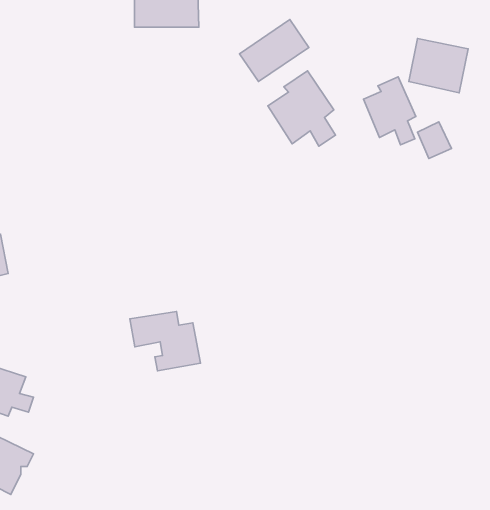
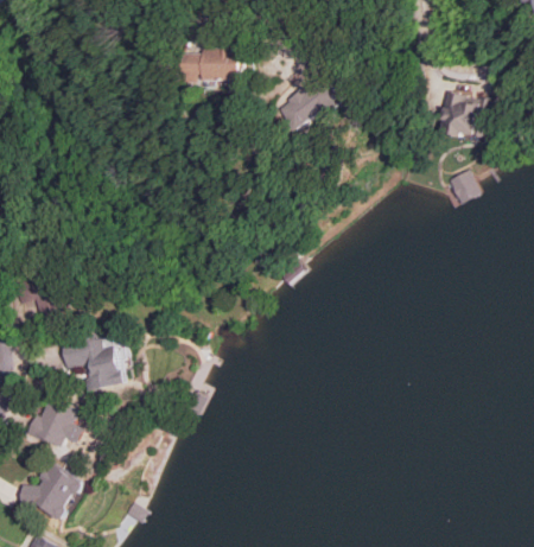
building: [268,71,336,146] -> none
building: [363,77,416,145] -> none
building: [130,311,200,371] -> [59,336,126,392]

